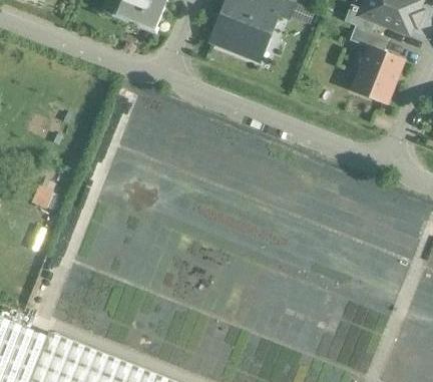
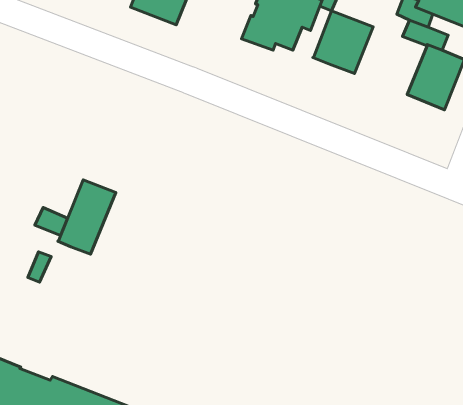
building: none -> [313,11,373,74]
building: none -> [58,180,116,254]

